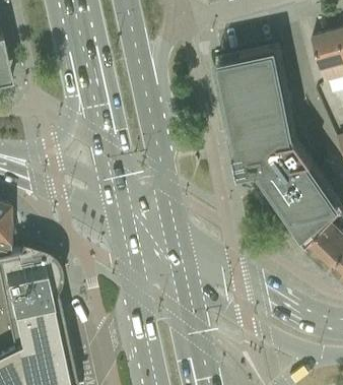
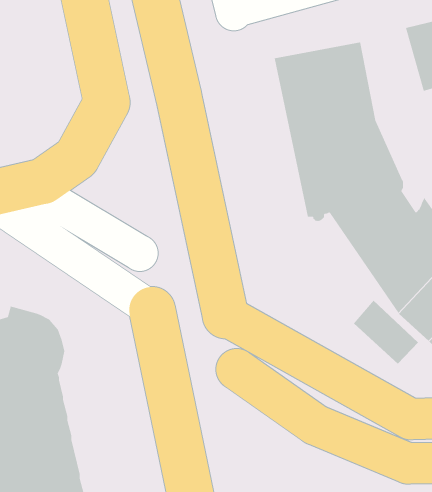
building: none -> [353,300,419,364]

